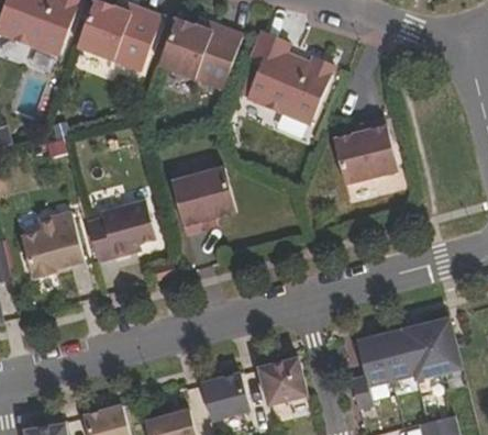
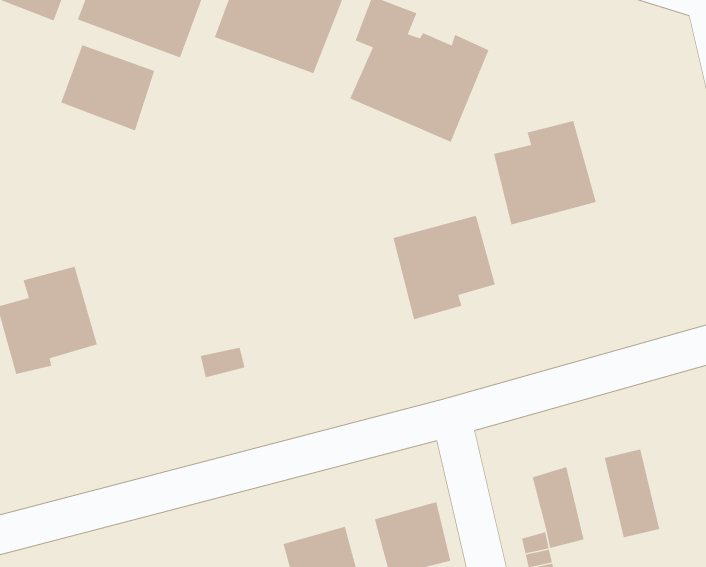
building: none -> [60,44,155,131]
building: [174,167,239,233] -> [392,215,496,320]
building: [87,198,156,259] -> none
building: [425,316,462,373] -> none
building: [379,328,413,380] -> none

